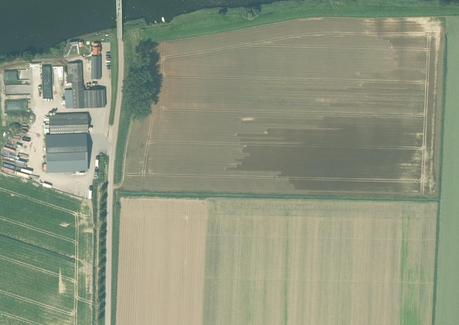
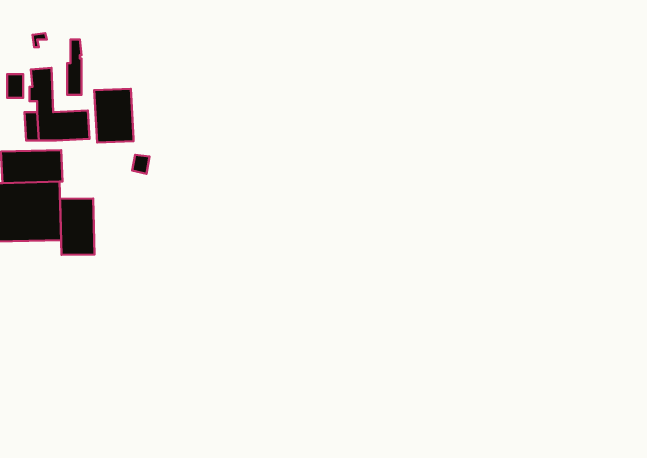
building: none -> [94,89,134,143]
building: none -> [60,199,95,255]

